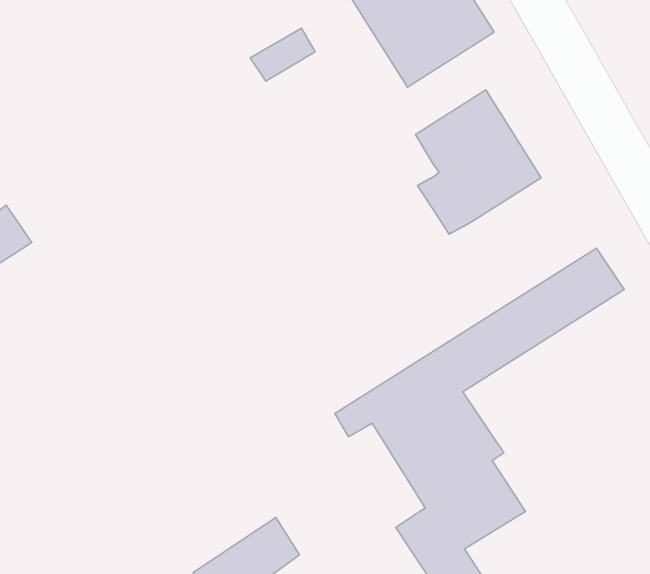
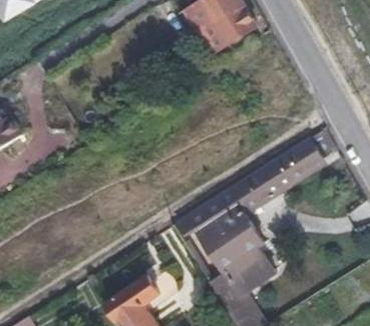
building: [415,90,541,234] -> none

